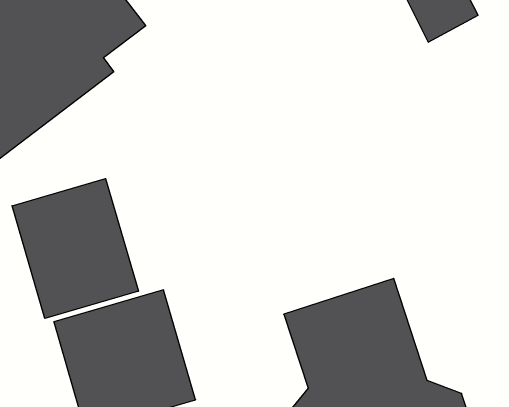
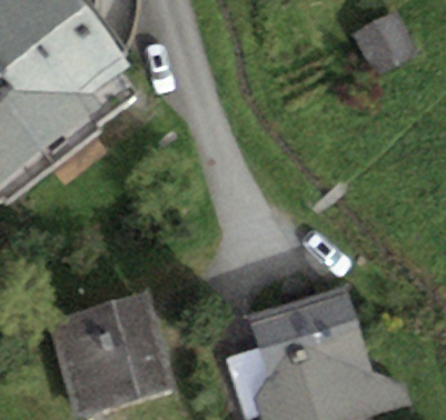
building: [12,179,138,318] -> none

